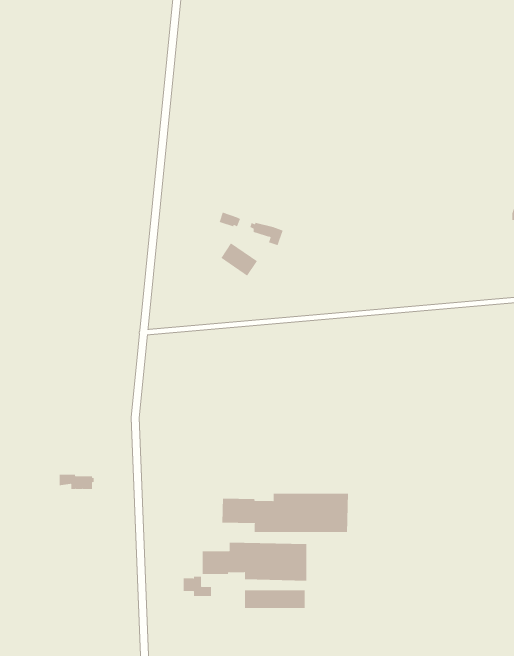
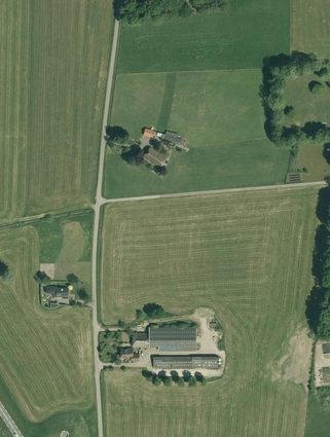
building: [222,493,348,533] -> none

